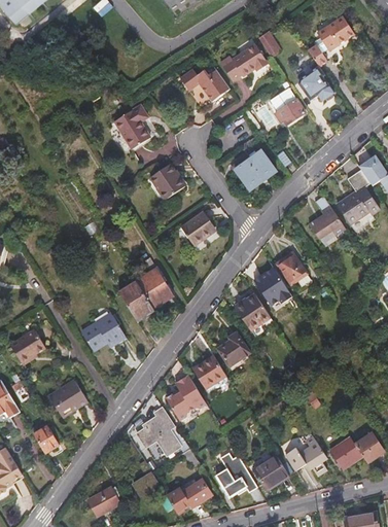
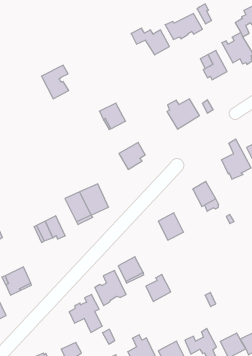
building: [114,105,150,148] -> [41,65,69,99]
building: [252,265,293,308] -> none
building: [217,331,249,366] -> [146,274,171,302]

